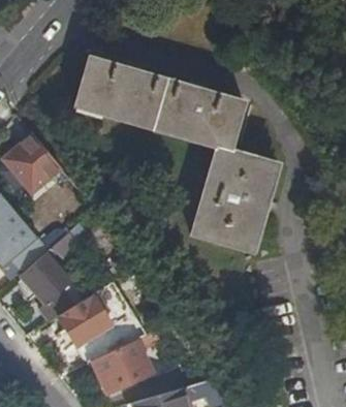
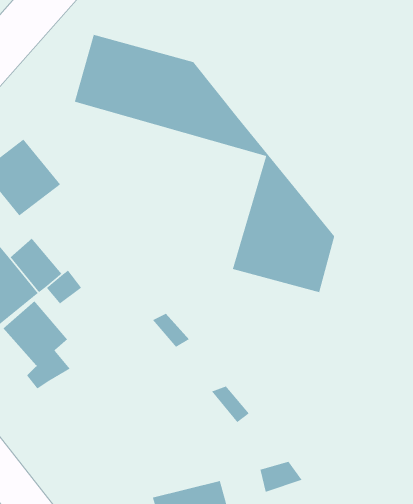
building: [162,77,279,207] -> none
building: [56,284,124,346] -> none
building: [92,339,151,392] -> none

